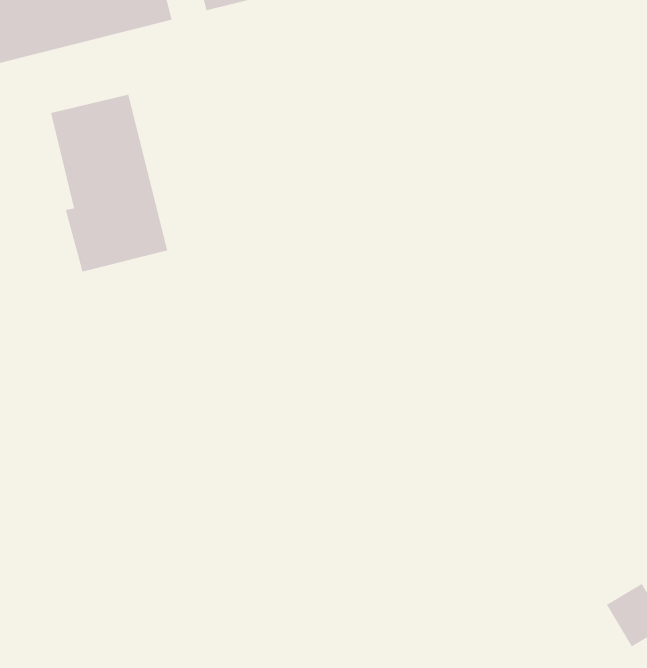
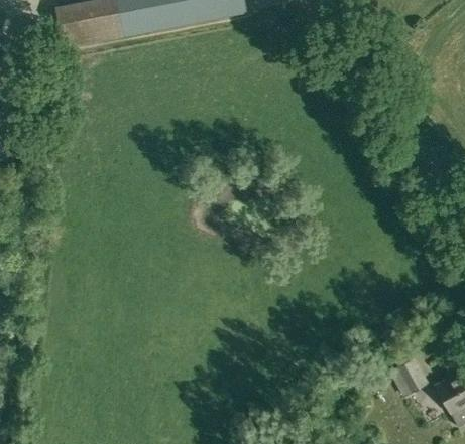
building: [50,94,168,272] -> none

